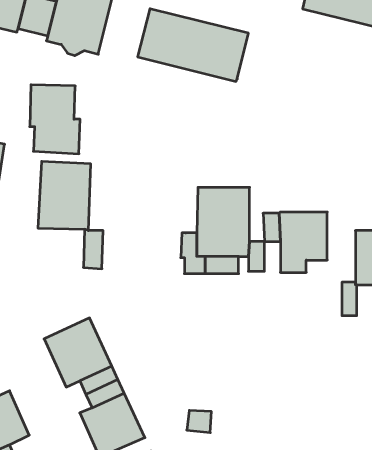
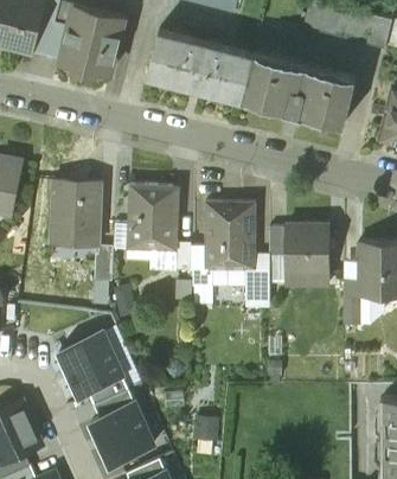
building: none -> [243,53,356,126]
building: [30,85,80,154] -> [128,186,177,253]
building: none -> [244,270,268,308]

